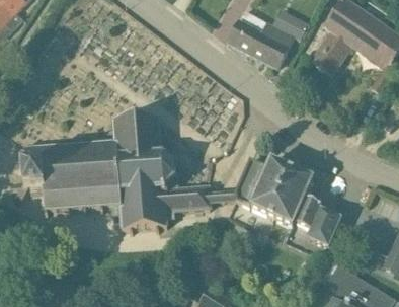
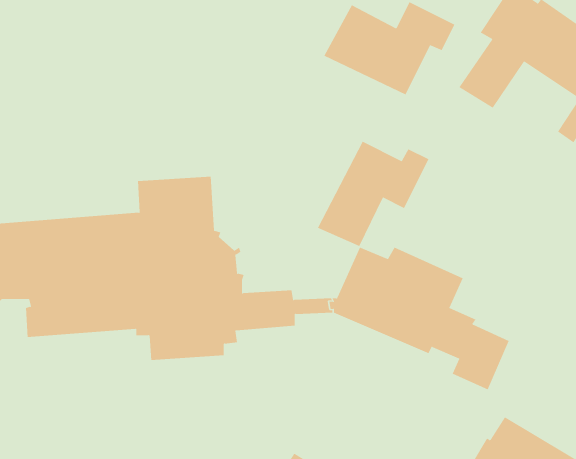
building: none -> [317,141,429,247]

